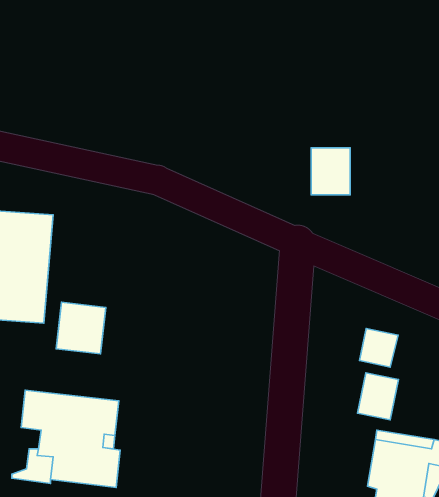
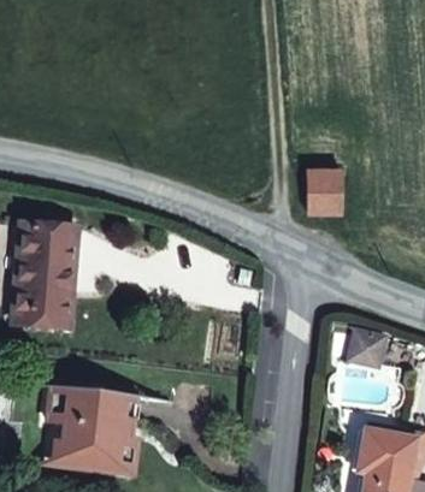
building: [56,302,106,354] -> none
building: [357,373,398,420] -> none

